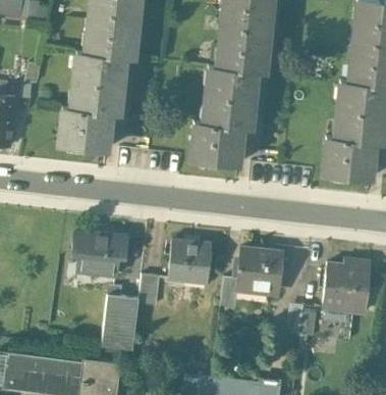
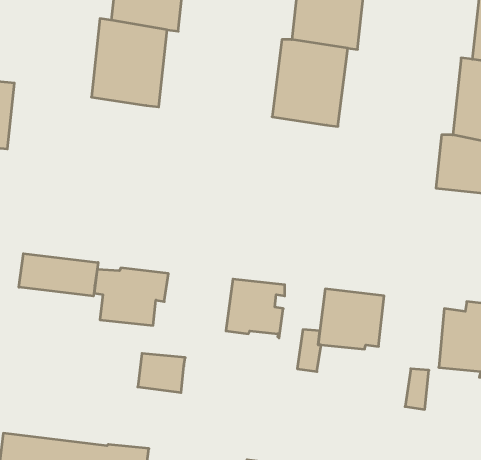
building: [59,107,111,151] -> none
building: [190,121,242,165] -> none
building: none -> [19,254,98,296]
building: [139,276,160,306] -> none
building: [102,319,136,350] -> none

